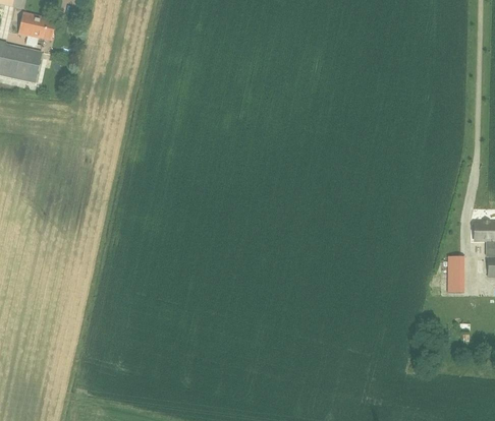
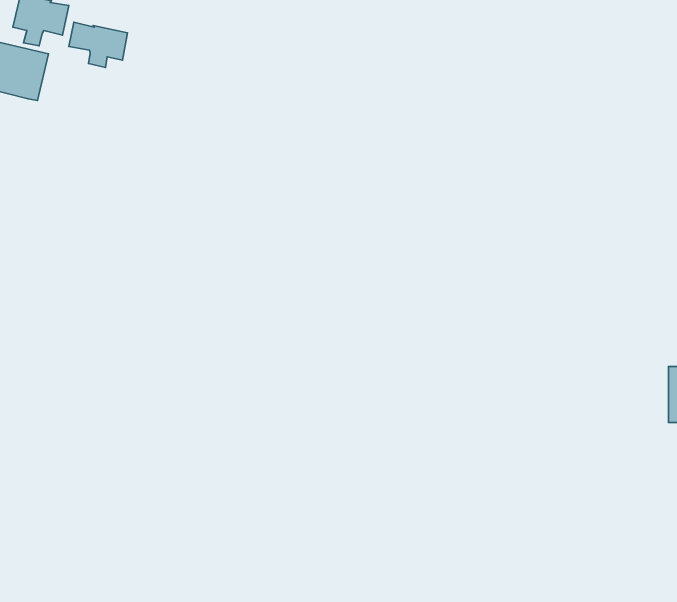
building: none -> [69,22,127,67]

